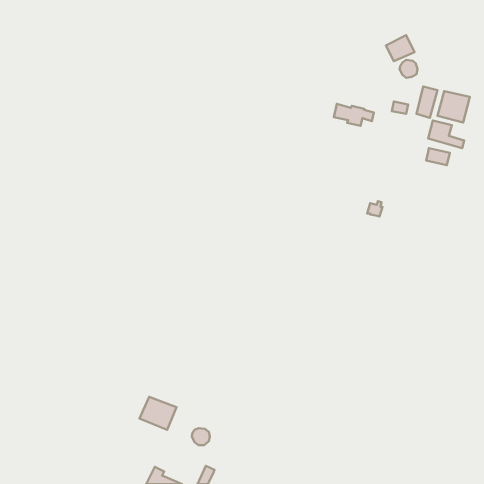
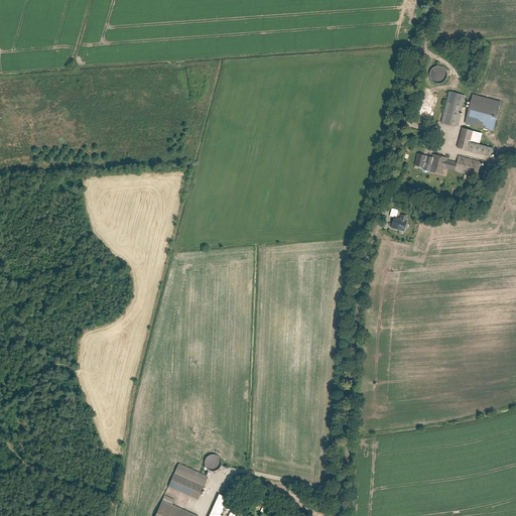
building: [386,35,414,61] -> none
building: [334,104,374,126] -> [412,152,455,175]
building: [140,397,177,430] -> [169,464,209,499]

